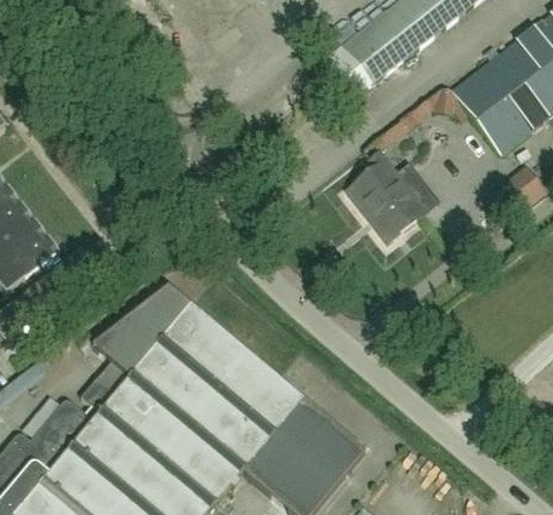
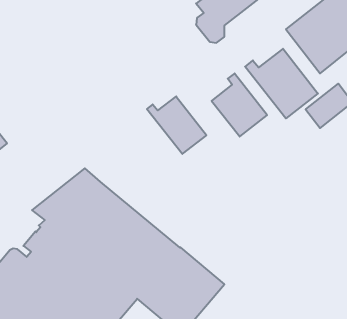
building: none -> [245,49,318,118]
building: none -> [147,96,206,154]

